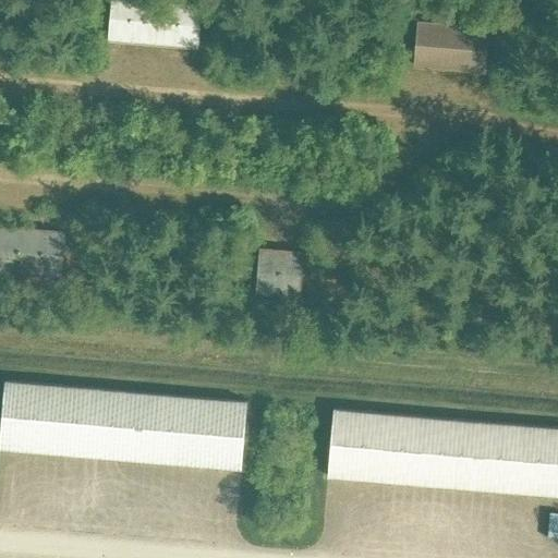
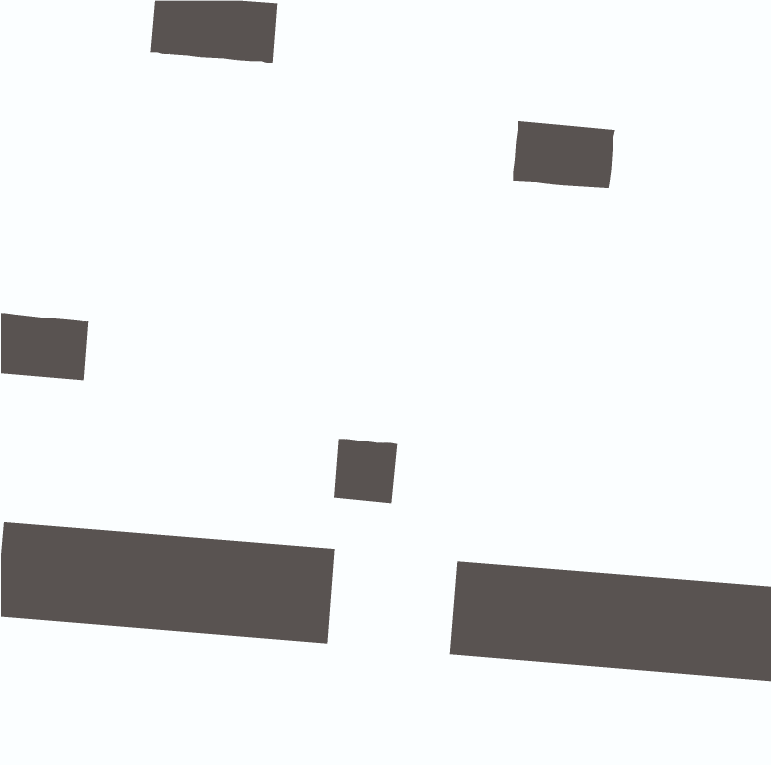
building: [415,26,489,75] -> [513,121,615,189]
building: [257,254,304,301] -> [333,439,398,504]

